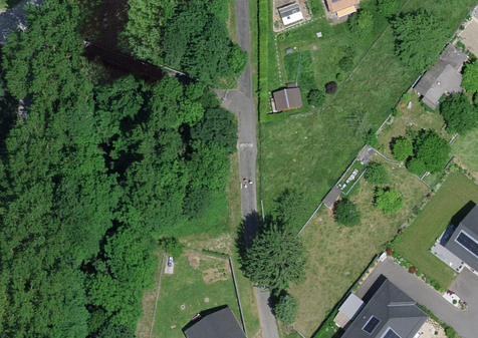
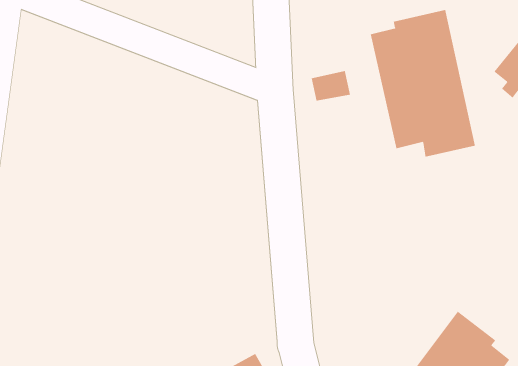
building: none -> [370,9,475,157]

